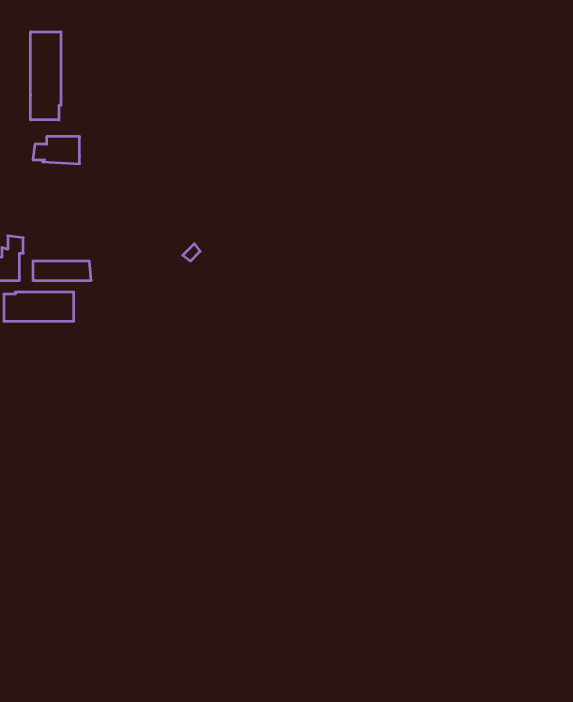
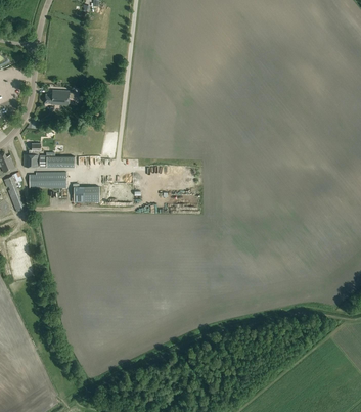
building: [31,32,61,120] -> none
building: none -> [75,186,100,202]

